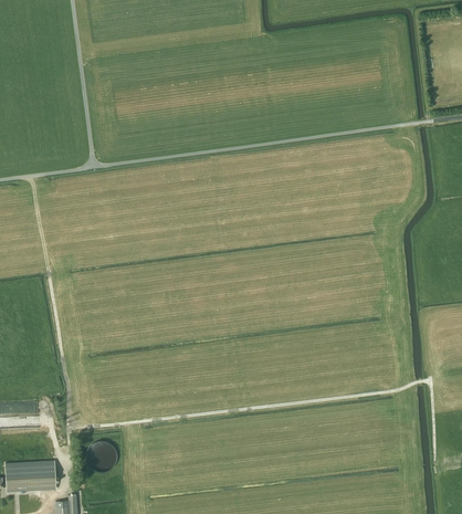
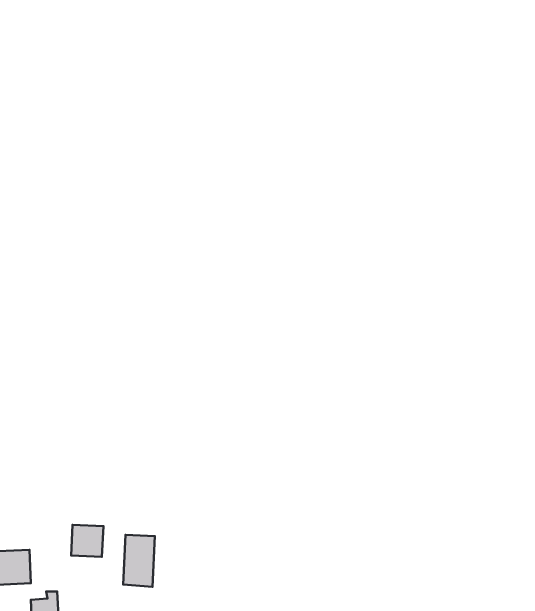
building: none -> [123,535,155,587]

